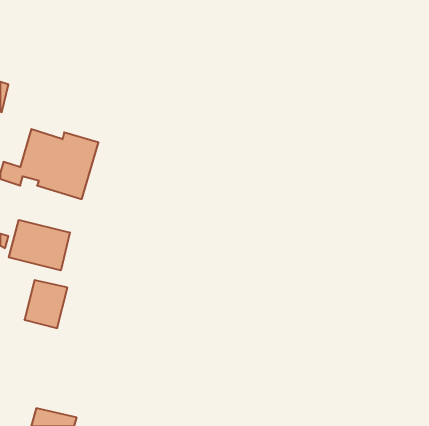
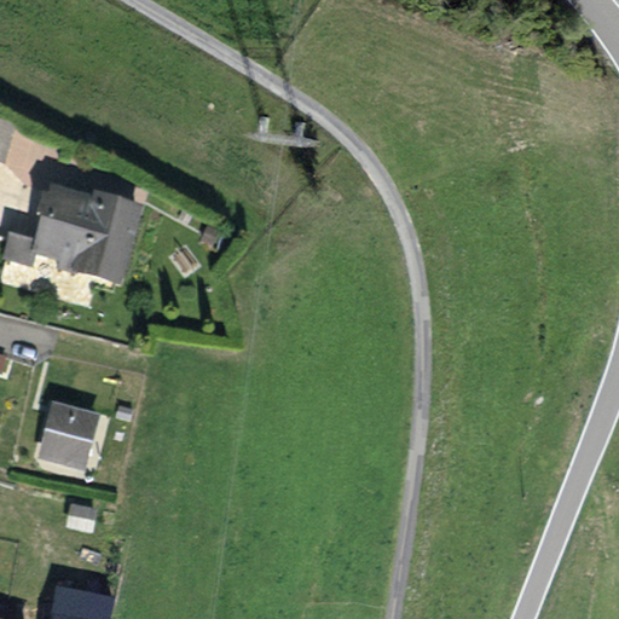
building: [9,220,70,270] -> none

